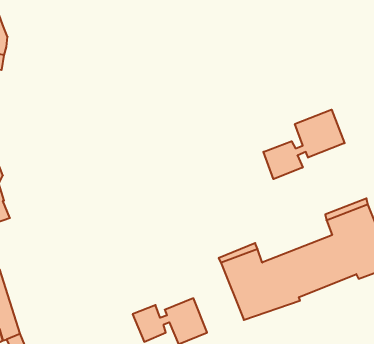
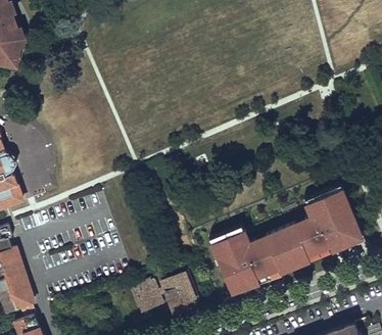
building: [263,110,345,179] -> none

